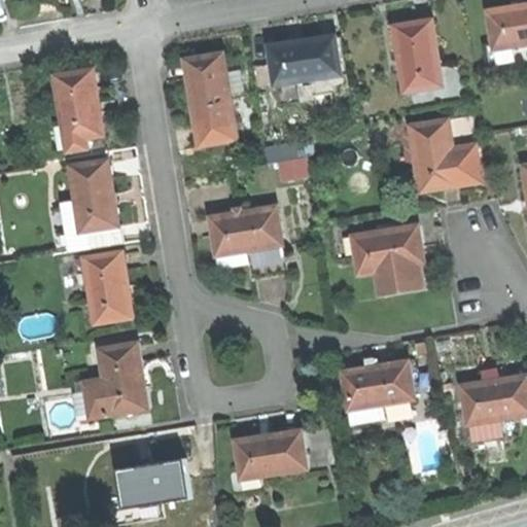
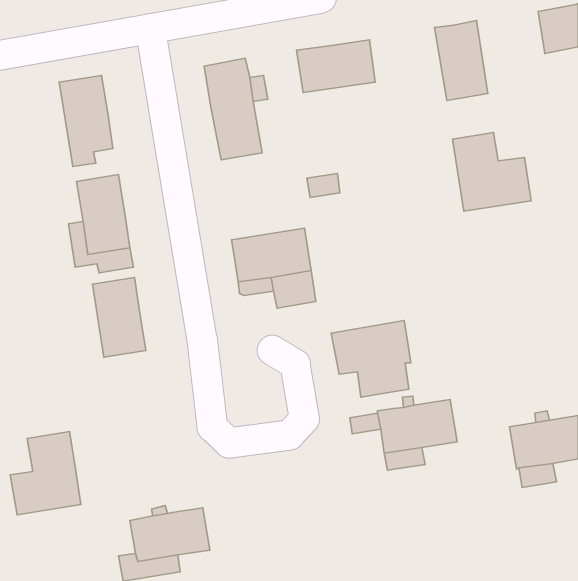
building: [351,224,423,293] -> [331,321,411,397]
building: [82,342,146,417] -> [10,432,81,515]
building: [234,429,306,478] -> none

